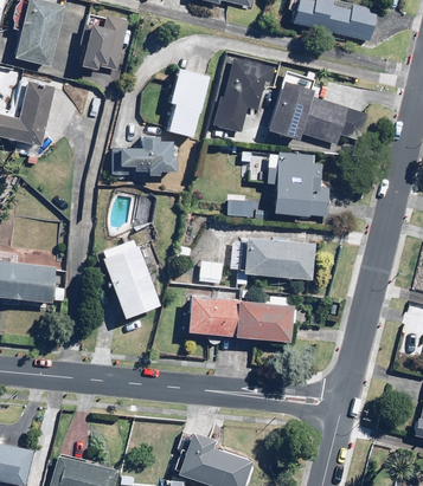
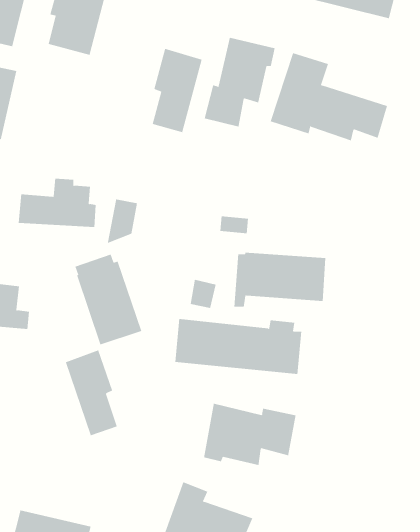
building: [111,135,178,176] -> [18,178,96,227]
building: [239,153,328,216] -> none
building: none -> [65,350,118,436]
building: none -> [203,403,296,466]

